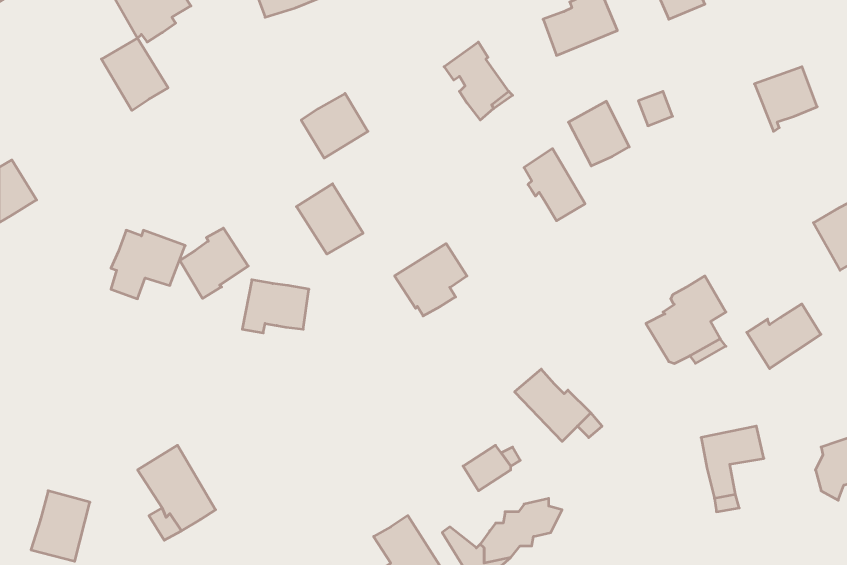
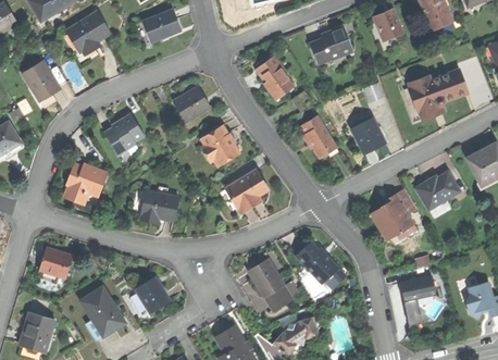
building: [101,38,168,110] -> [22,61,60,102]
building: none -> [408,75,444,119]
building: [568,101,629,166] -> [351,117,386,154]
building: [296,184,363,254] -> [201,126,239,166]
building: [180,228,248,298] -> [103,114,142,154]
building: [747,304,821,369] -> [414,173,457,210]
building: none -> [38,248,72,277]
building: none -> [248,260,284,298]
building: none -> [135,276,169,313]

